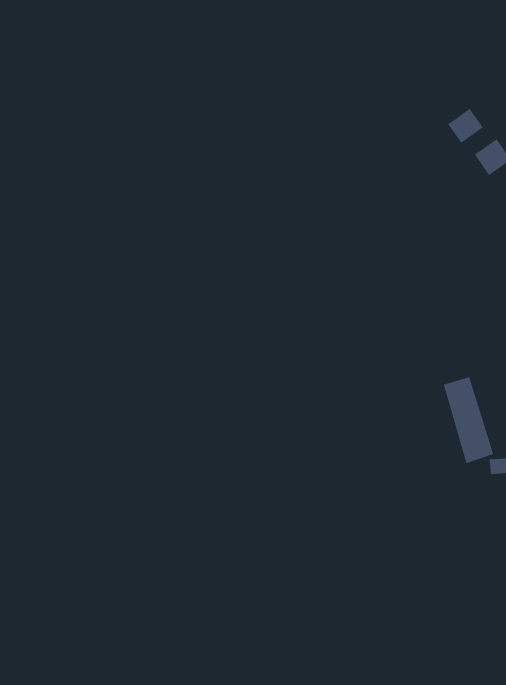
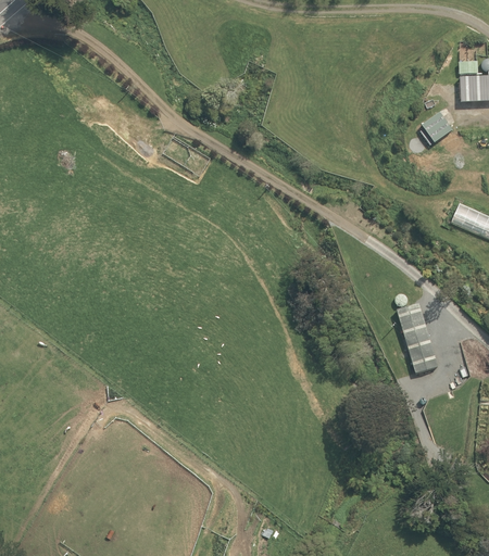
building: [447,108,484,144] -> none

